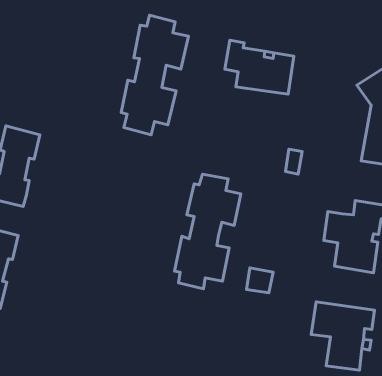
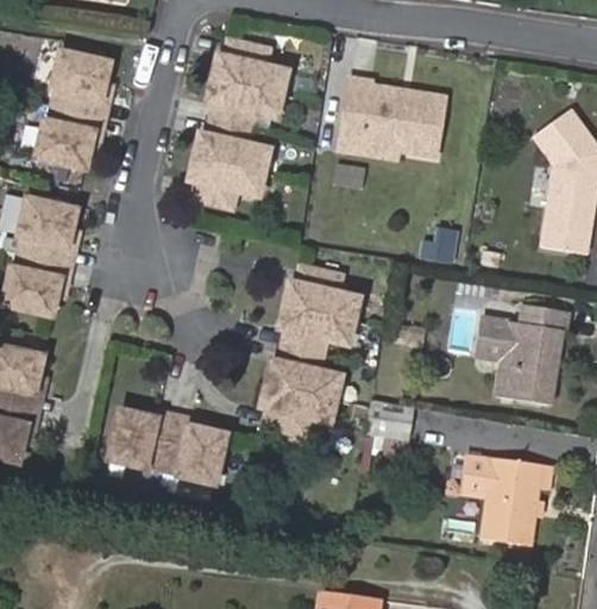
building: none -> [36,46,111,167]
building: none -> [334,115,396,158]
building: none -> [111,416,226,488]

